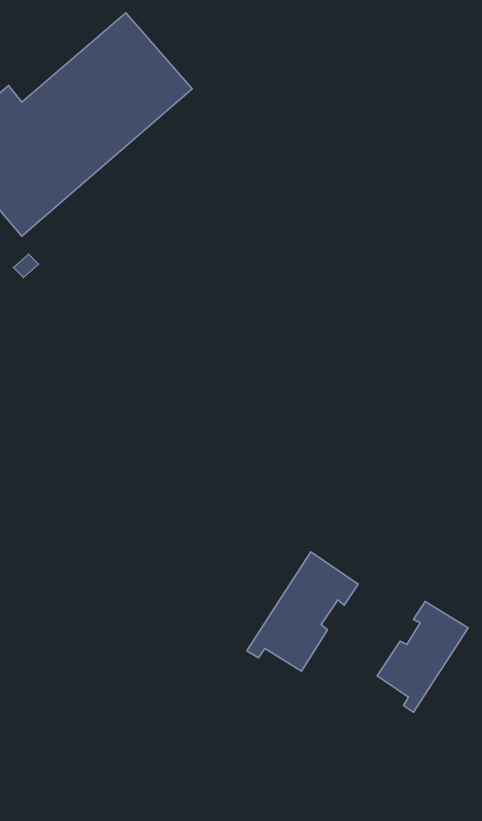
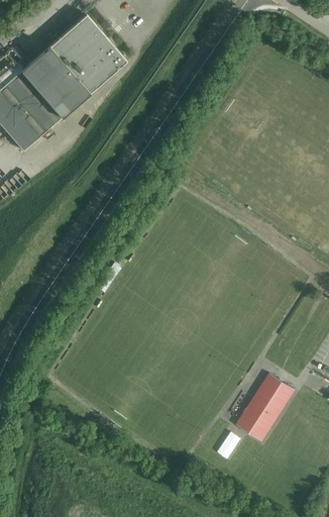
building: [247,552,358,671] -> none

